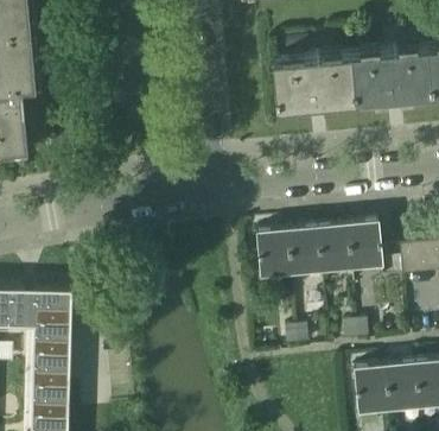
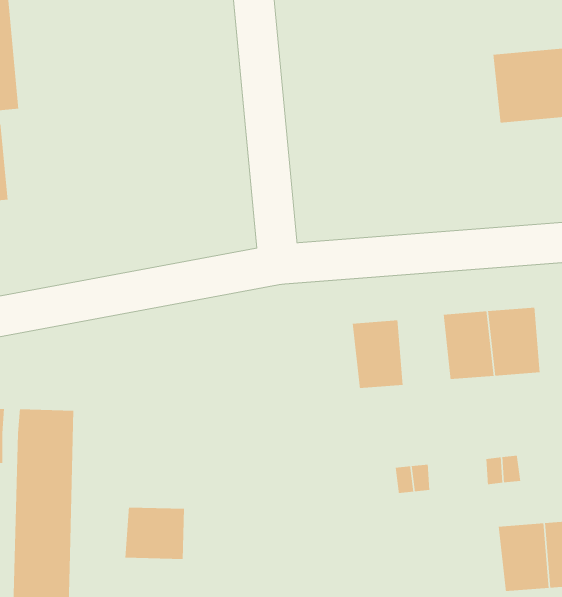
building: [273,55,355,108] -> none
building: [287,228,322,275] -> none
building: none -> [124,507,185,560]

